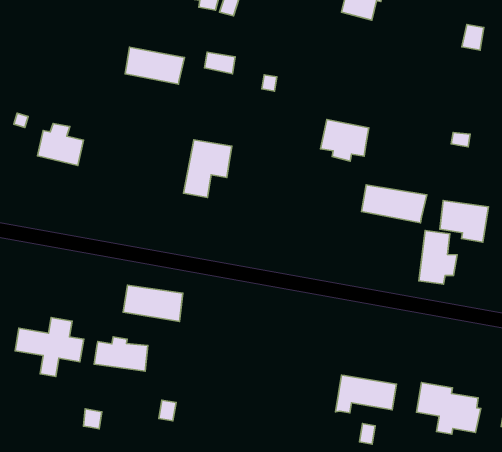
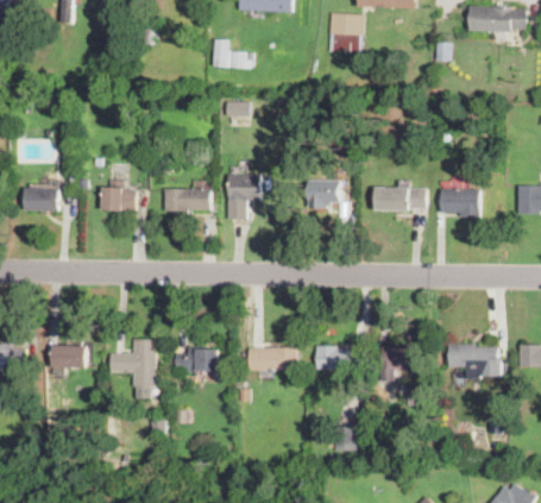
building: [125,47,184,84] -> [164,188,210,212]
building: [320,119,369,161] -> [303,180,340,210]
building: [419,230,457,284] -> none
building: [123,285,183,322] -> [247,347,295,371]
building: none -> [315,346,360,382]

